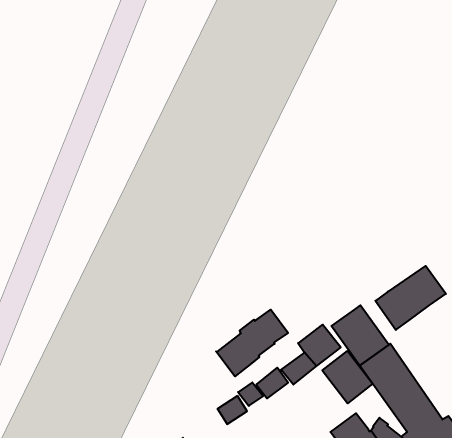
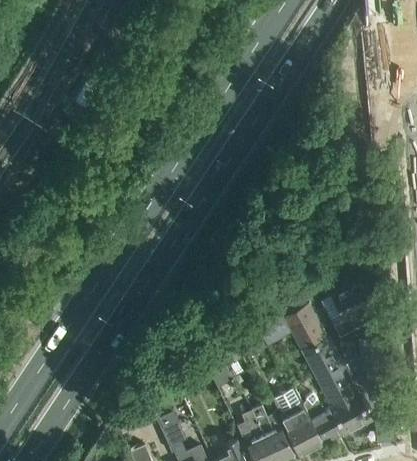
building: [216,310,288,376] -> none
building: [322,351,373,403] -> none

